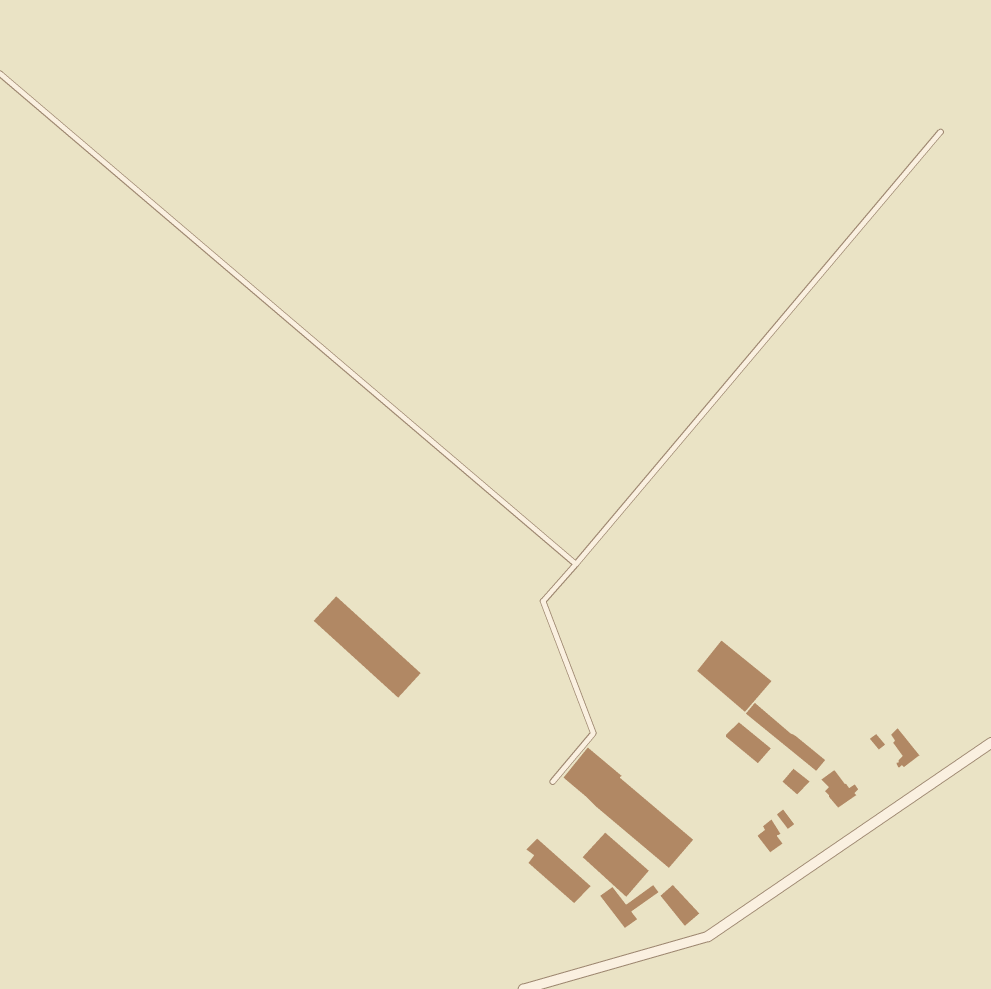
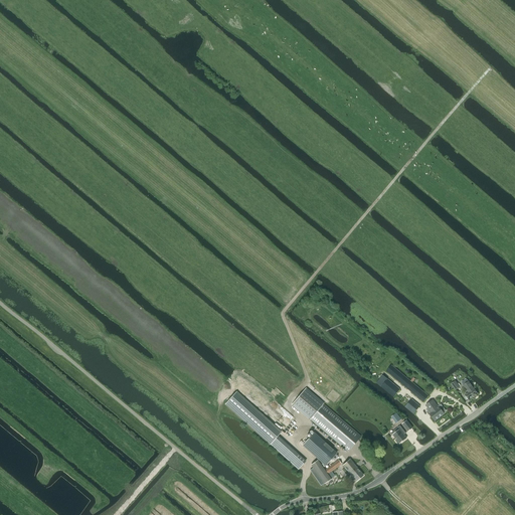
building: [313,596,421,698] -> [225,389,282,443]
building: [696,639,773,713] -> none

